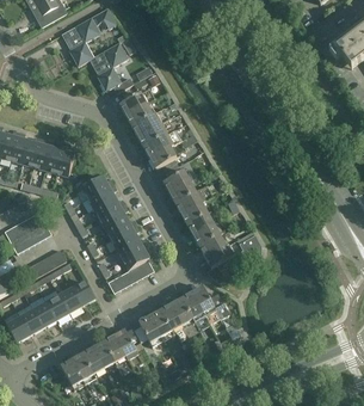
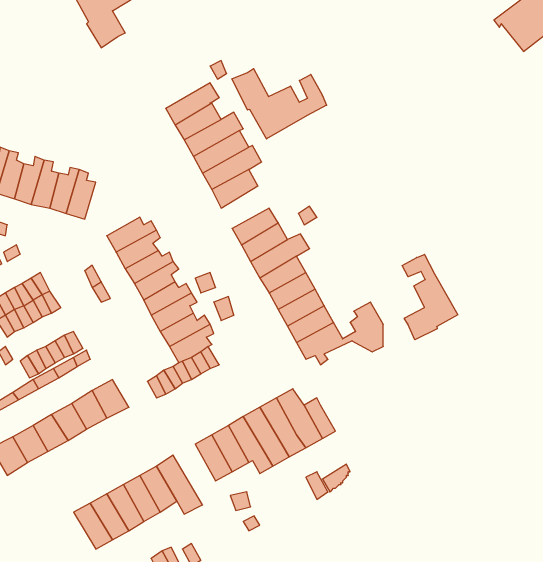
building: [87,41,131,92] -> none
building: none -> [232,69,327,139]
building: none -> [402,254,458,340]

